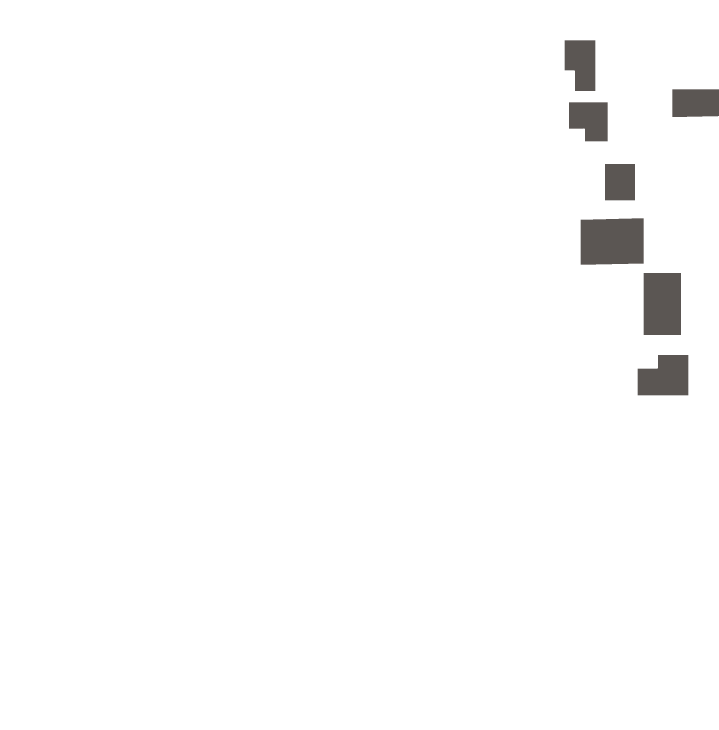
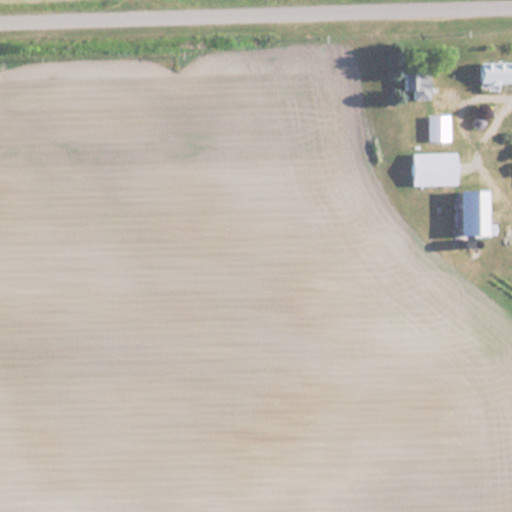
building: [564,40,596,92] -> none
building: [637,354,689,396] -> none

